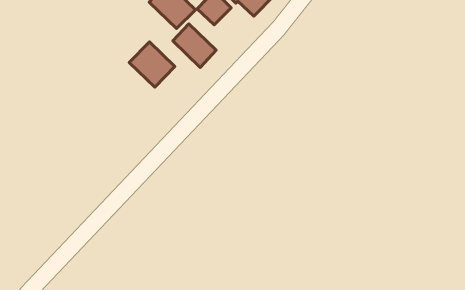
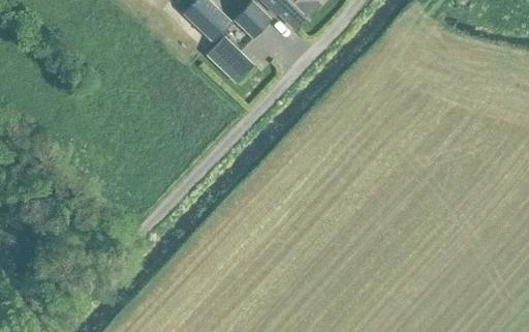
building: [129,42,175,87] -> none

